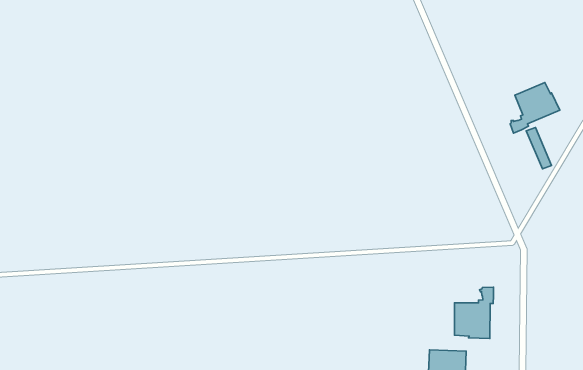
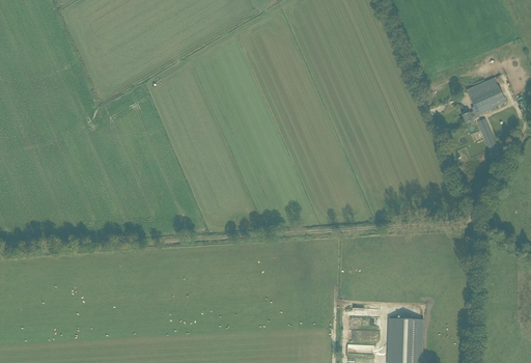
building: [454,287,494,339] -> none

